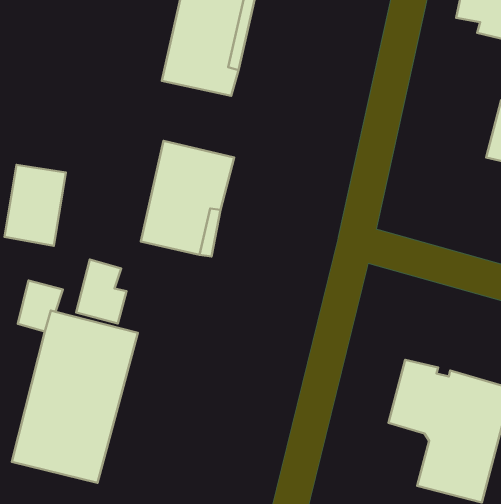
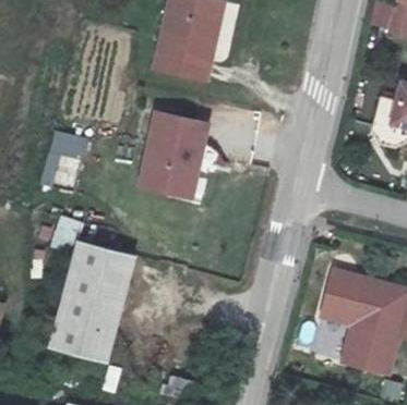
building: [76,260,126,323] -> none

